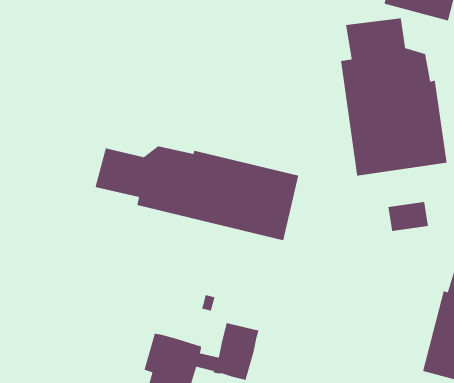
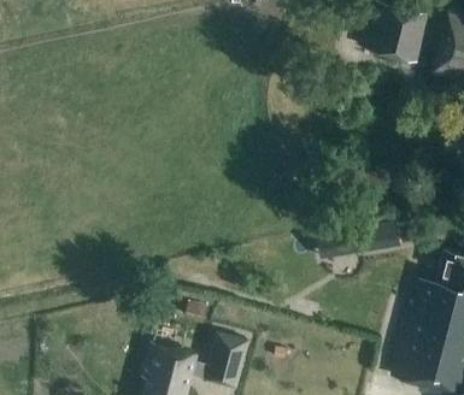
building: [340,18,448,177] -> none
building: [94,146,299,241] -> none

